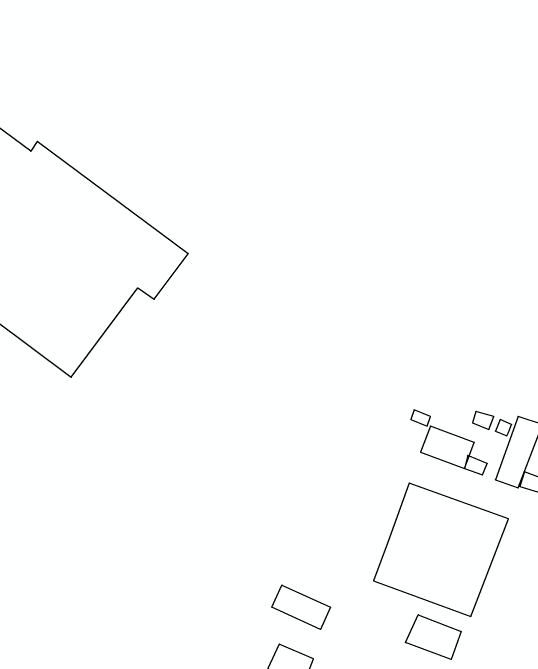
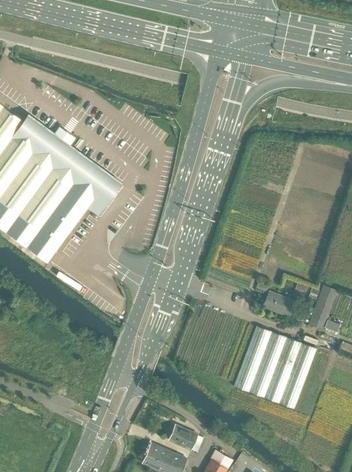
building: [272,585,330,629] -> none
building: [406,615,461,659] -> none

